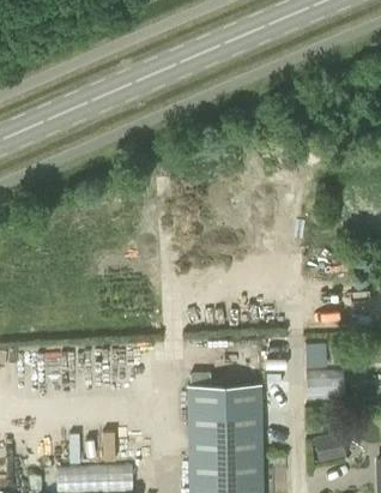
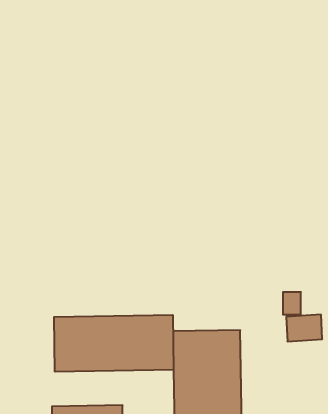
building: none -> [54,315,174,372]
building: [315,432,349,462] -> none

